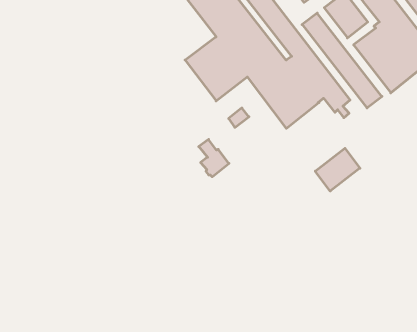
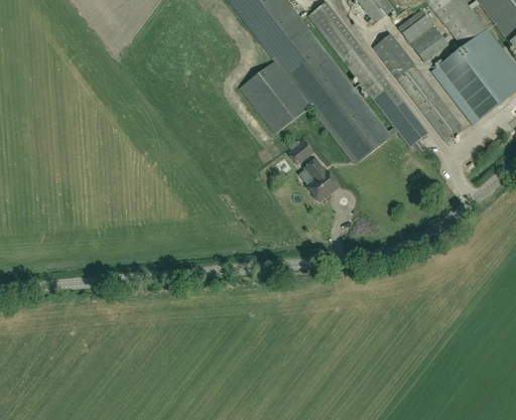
building: [199,139,229,177] -> [304,158,339,200]
building: [315,148,360,191] -> none

